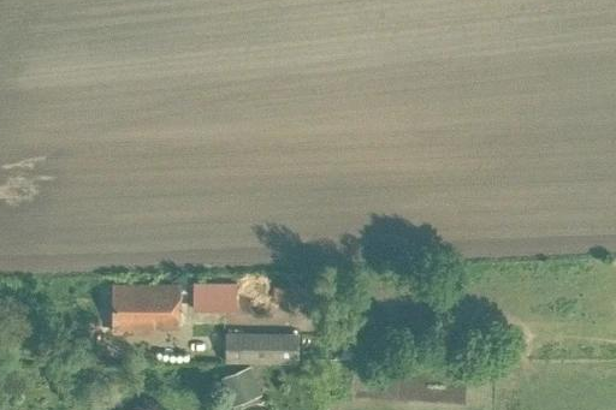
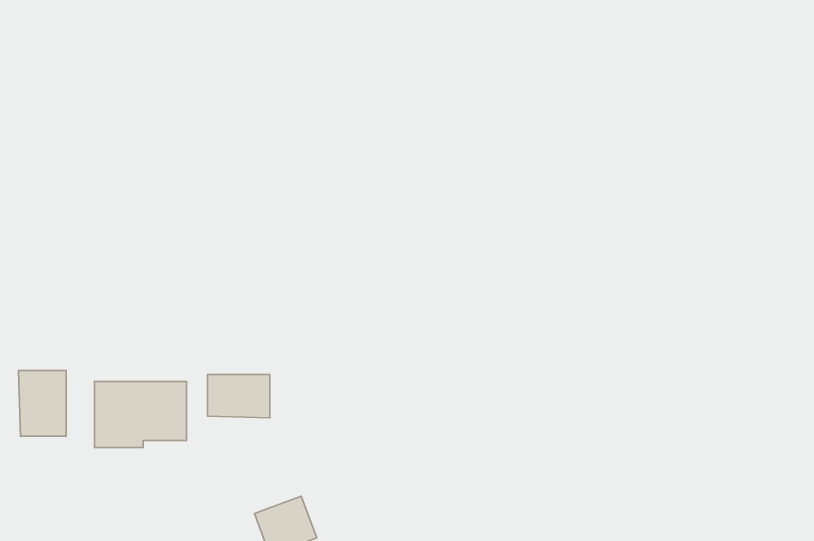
building: none -> [19,370,66,436]
building: [223,333,296,364] -> none

